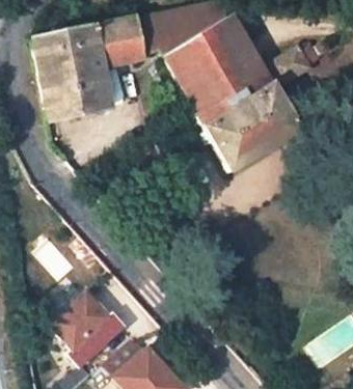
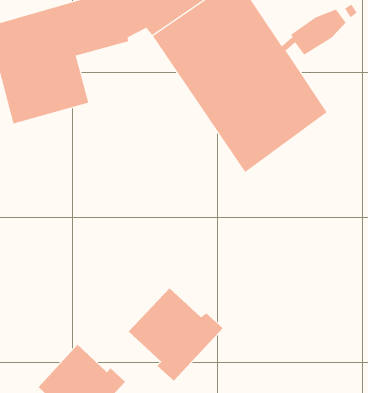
building: none -> [128,288,223,382]

